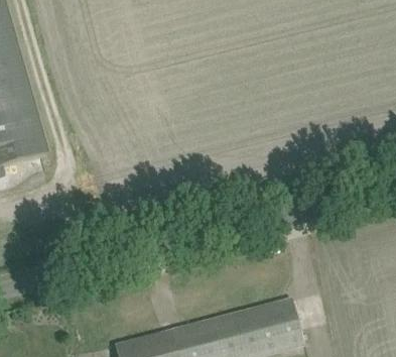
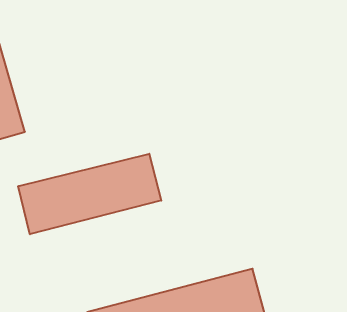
building: none -> [18,154,161,234]

